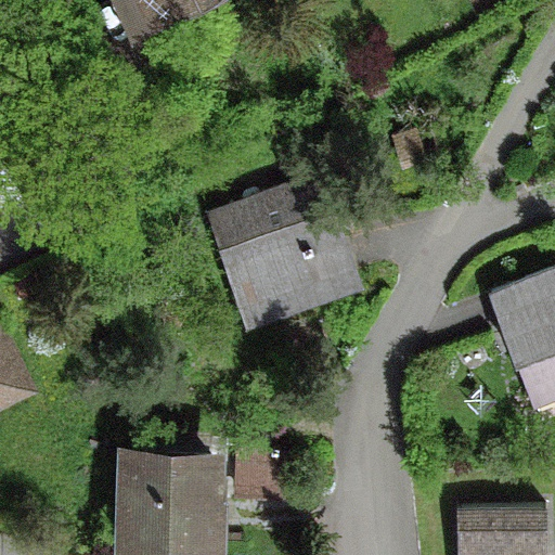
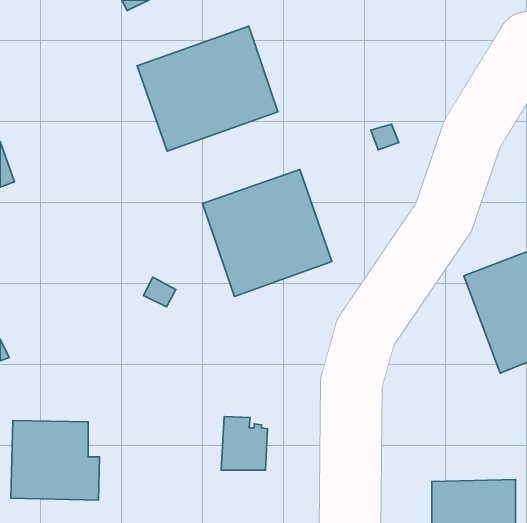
building: none -> [137,26,278,151]
building: [126,459,219,542] -> [11,421,100,500]

